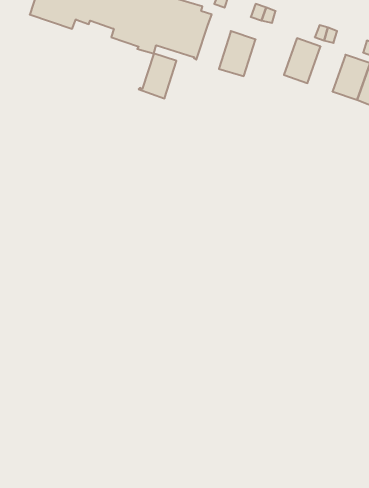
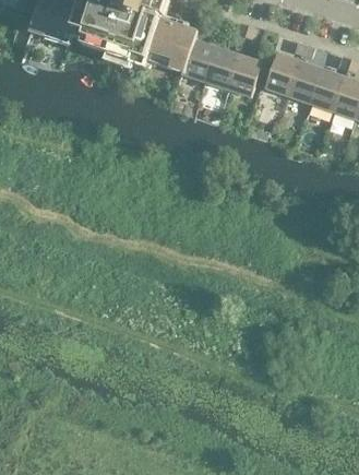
building: none -> [226,54,260,96]
building: none -> [285,60,320,102]
building: [139,54,176,98] -> [179,39,214,81]

